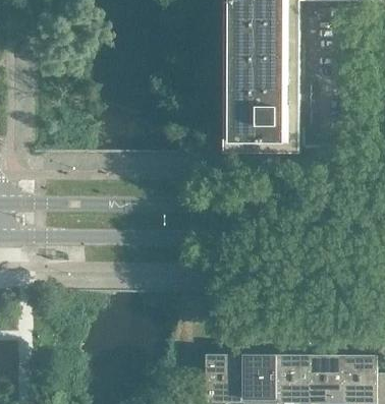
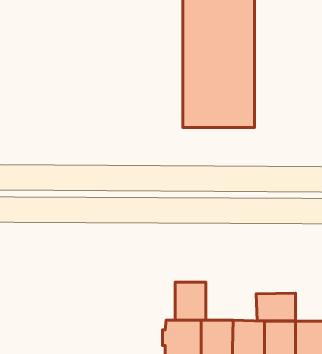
building: none -> [175,282,206,320]
building: none -> [256,293,295,321]

